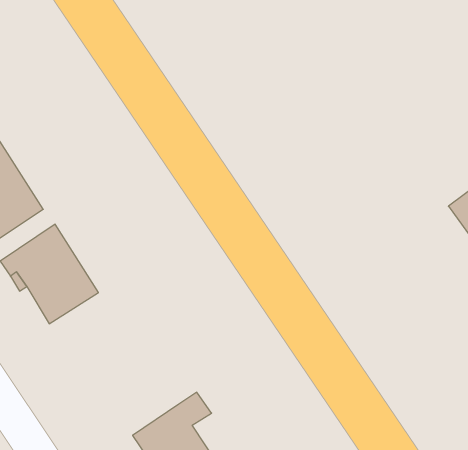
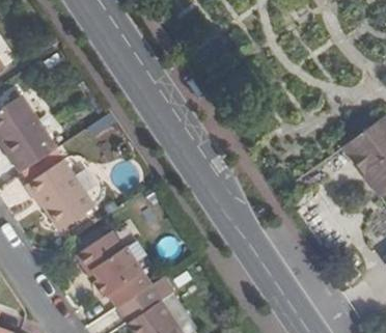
building: none -> [77,230,153,307]

